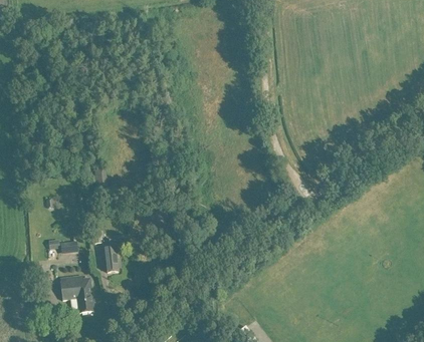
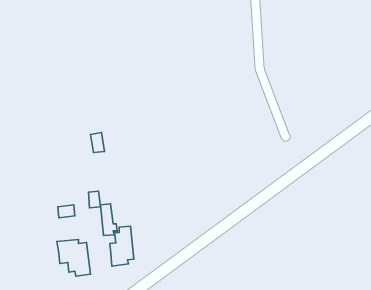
building: none -> [110,226,134,266]

